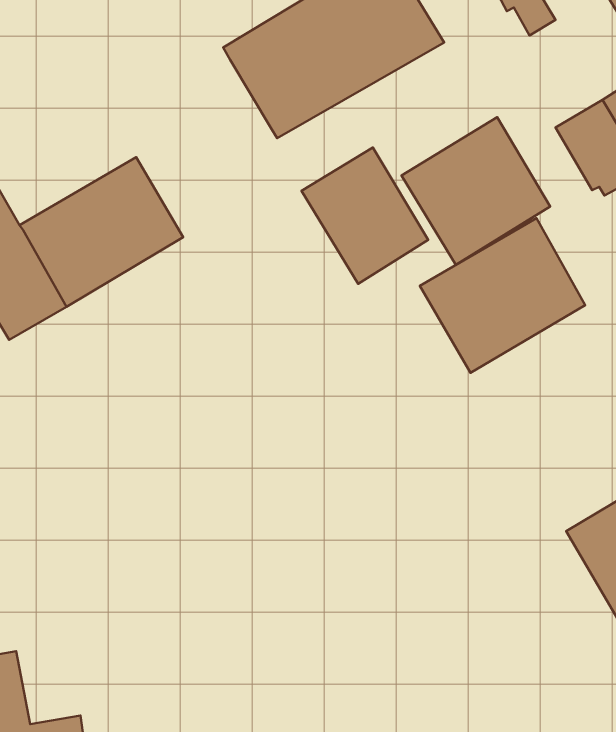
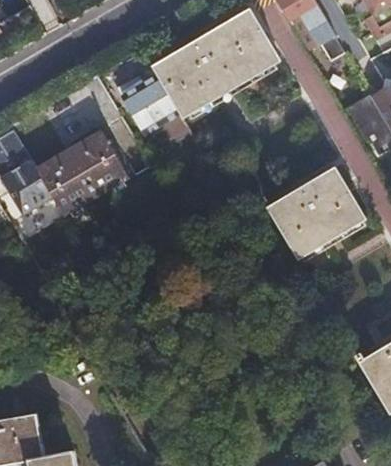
building: none -> [124,73,181,133]
building: [401,117,550,265] -> none
building: [302,147,428,284] -> none

